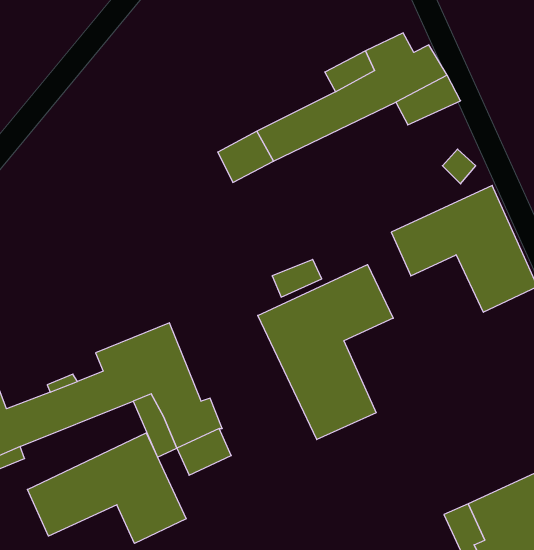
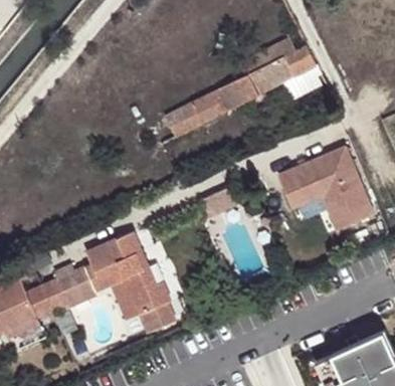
building: [258,265,393,440] -> none
building: [27,433,186,543] -> none

